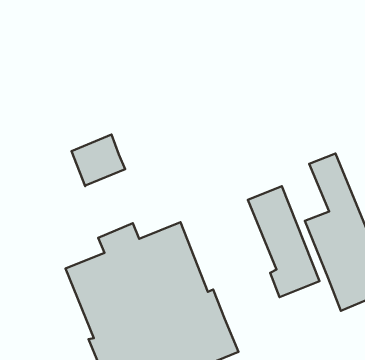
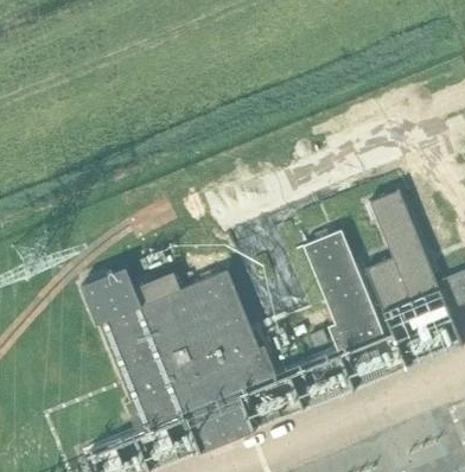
building: [71,134,125,186] -> [81,263,141,321]
building: none -> [276,331,407,414]

